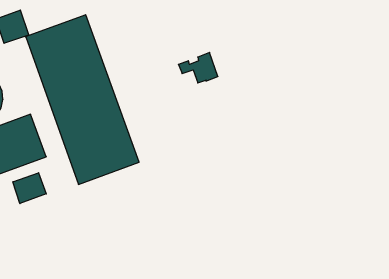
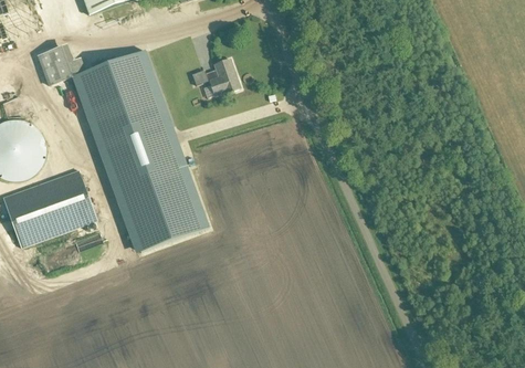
building: [178,52,218,83] -> [191,59,239,95]
building: [13,173,46,204] -> none

